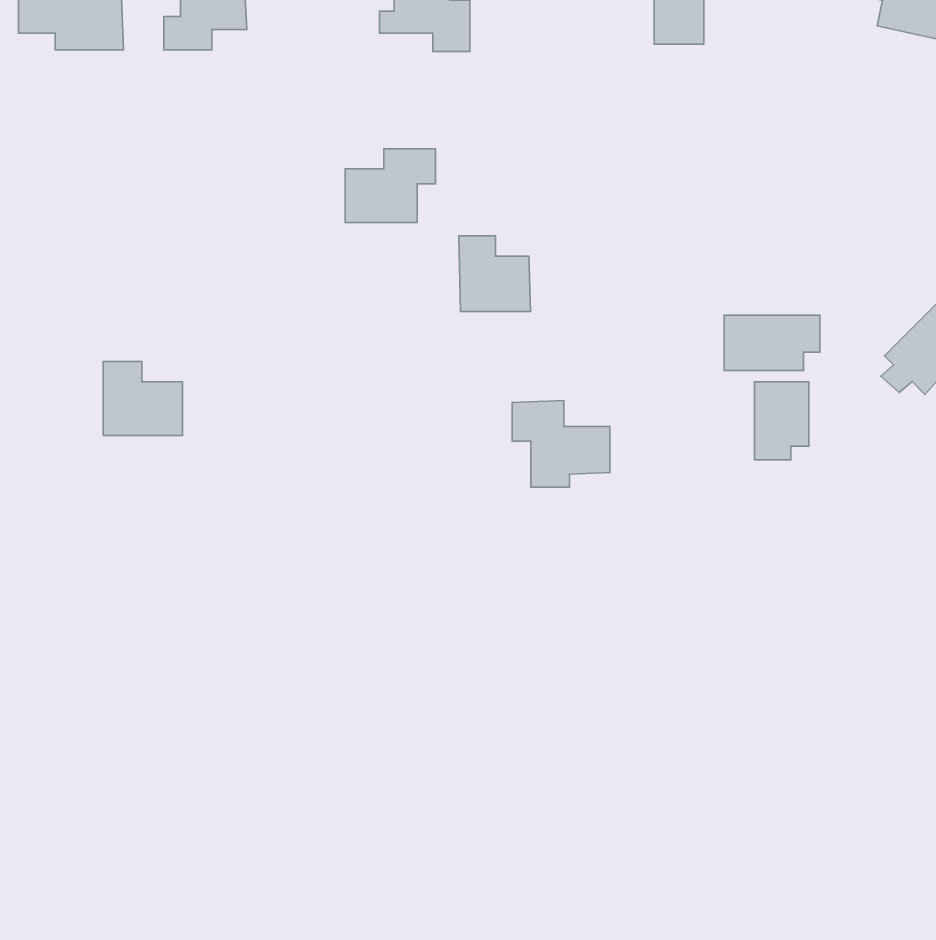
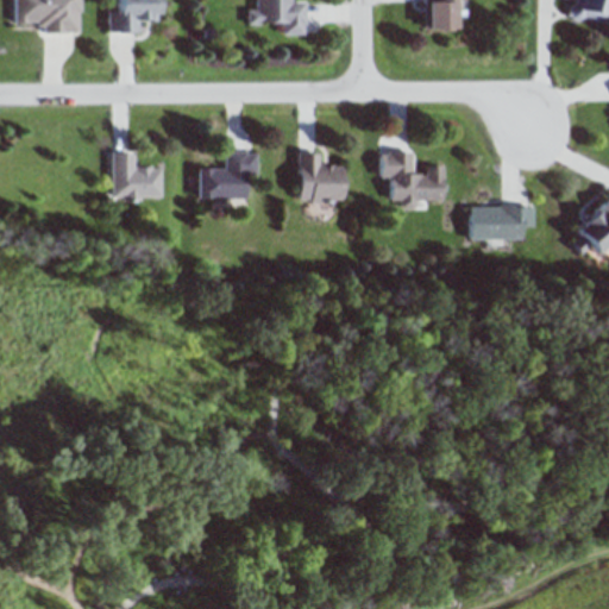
building: [345,149,435,222] -> [201,151,259,199]
building: [103,362,182,435] -> [113,151,164,199]
building: [754,382,809,460] -> none
building: [512,401,610,487] -> [382,151,445,207]

